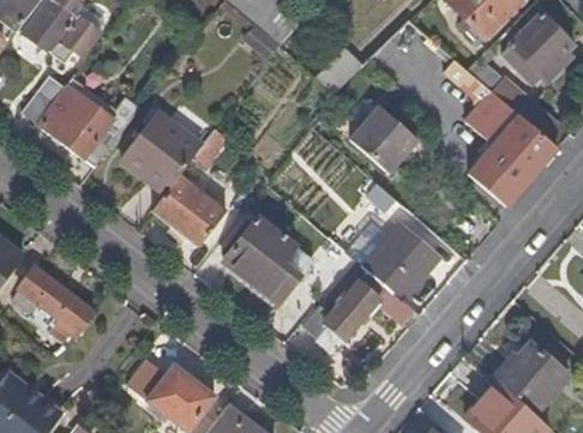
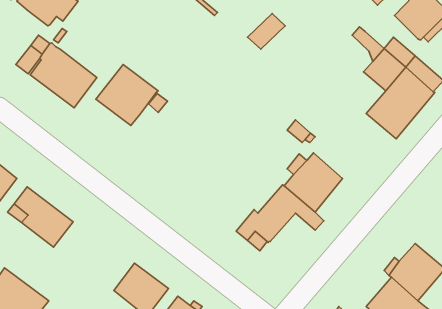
building: [349,102,417,170] -> none
building: [152,175,227,246] -> none
building: [224,215,313,301] -> none

